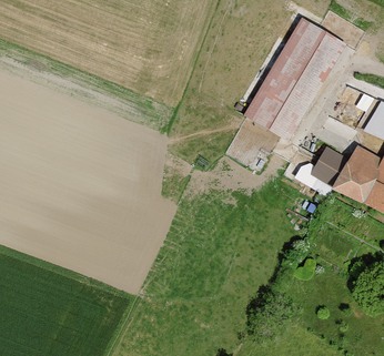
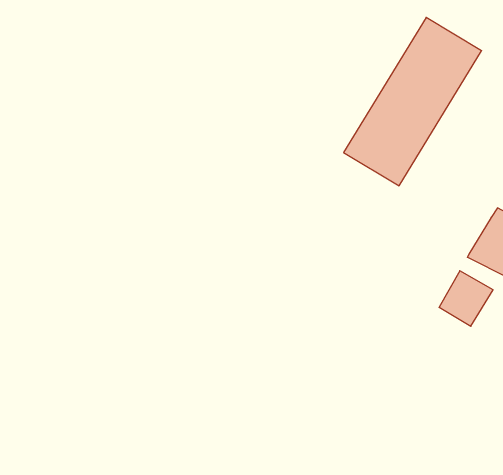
building: [313,146,351,185] -> [439,271,493,326]

